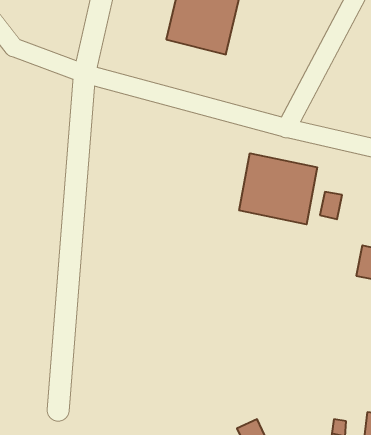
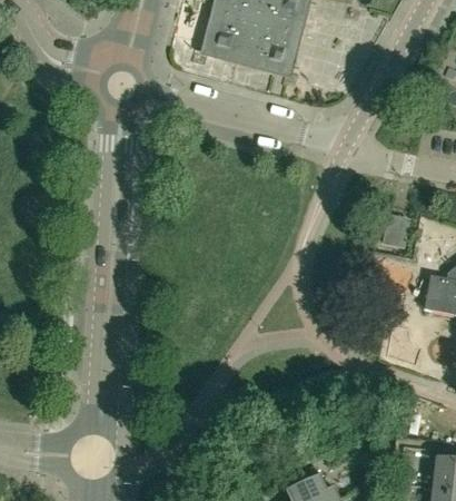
building: [239,153,317,224] -> none

